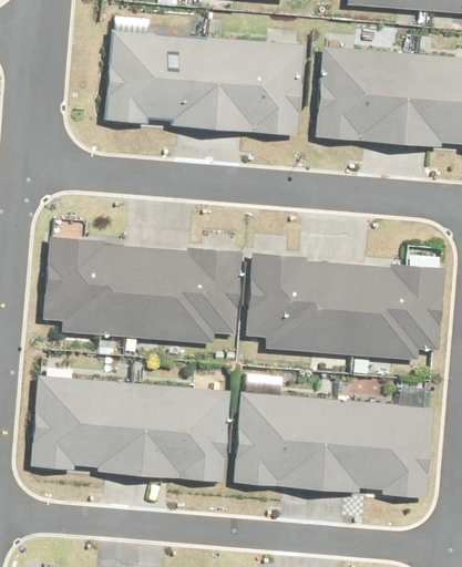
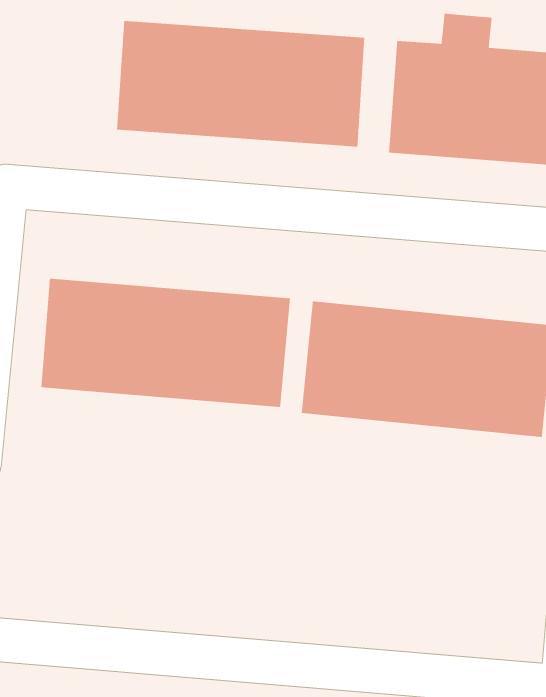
building: [33,374,234,482] -> none
building: [235,392,432,496] -> none

